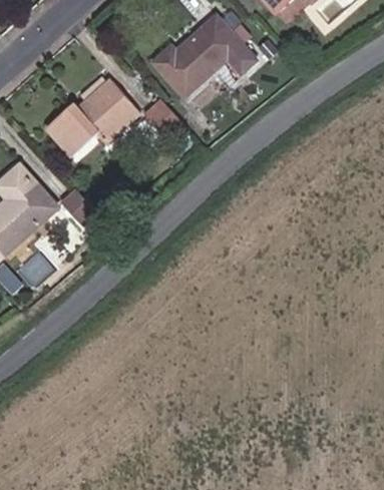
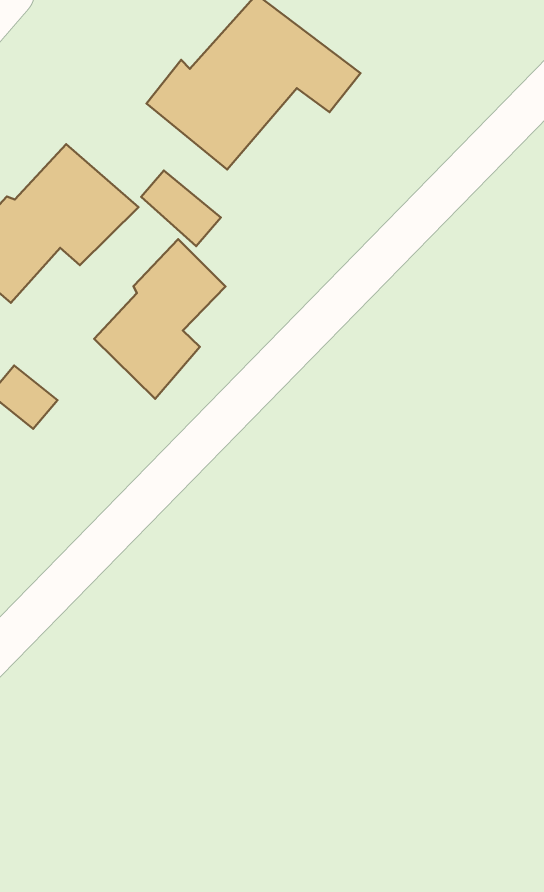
building: none -> [94,239,226,399]

